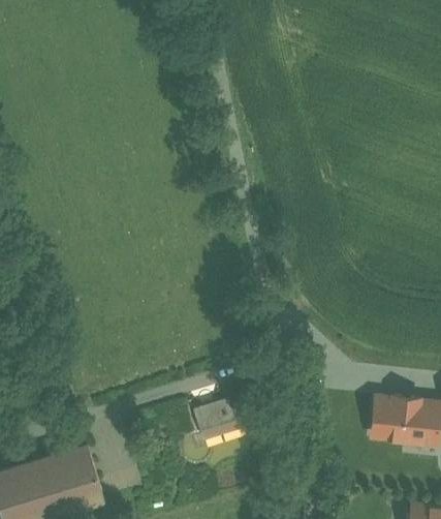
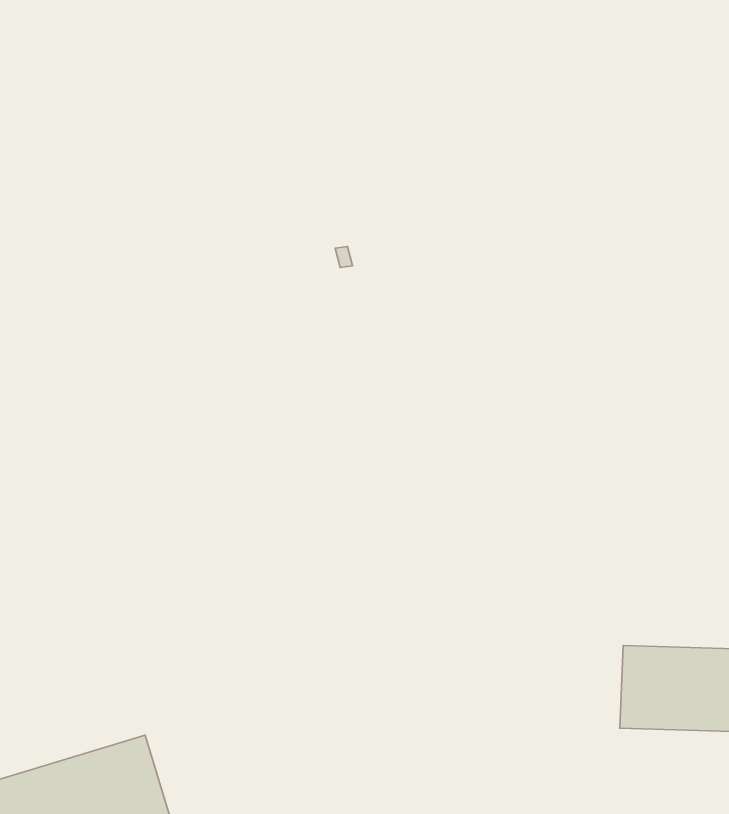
building: [194,402,243,439] -> none

